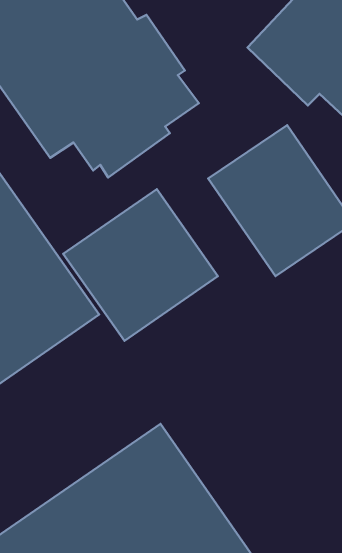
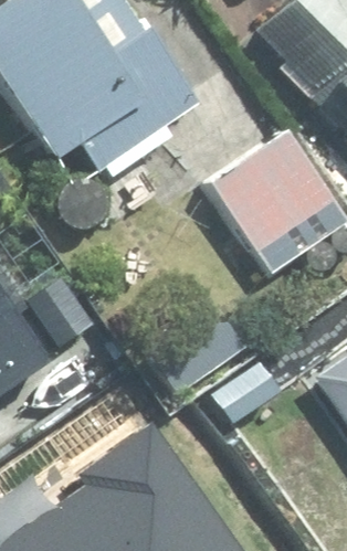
building: [63,189,218,341] -> none

